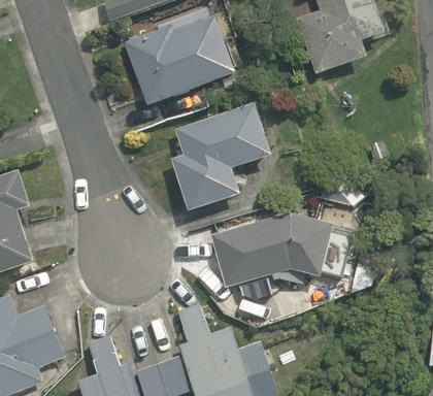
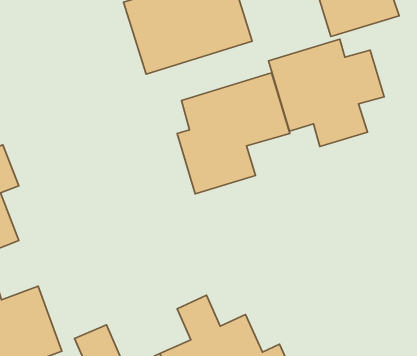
building: none -> [268,39,384,147]
building: [208,217,345,289] -> none

